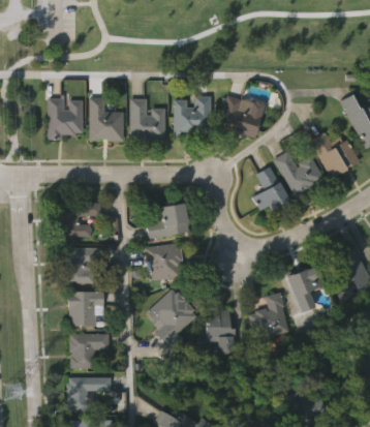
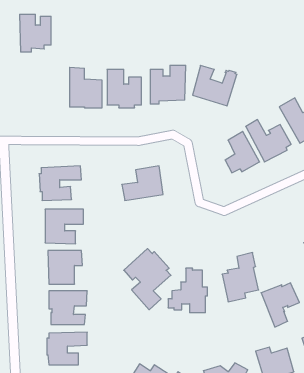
building: [48,98,81,138] -> [20,14,51,52]
building: [145,242,183,279] -> none
building: [286,265,327,311] -> [261,283,299,327]

